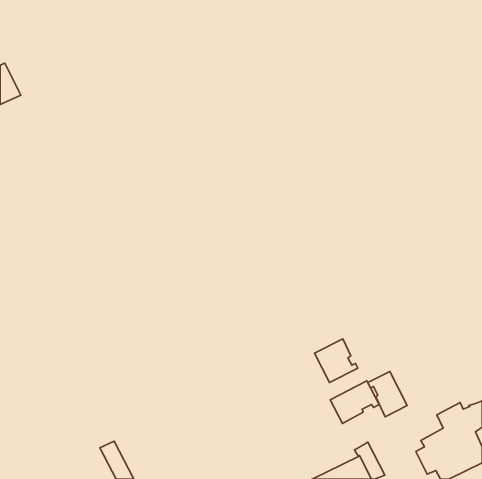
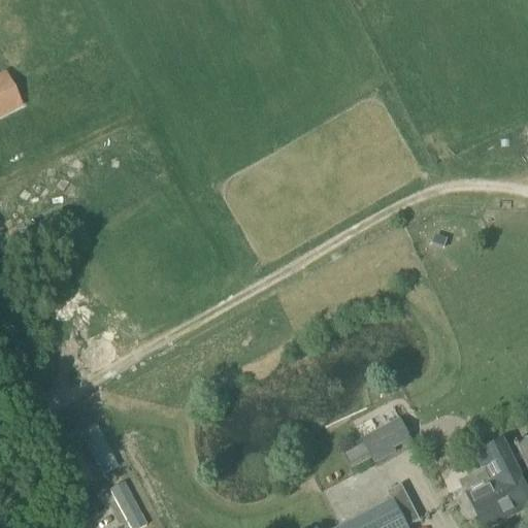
building: [315,339,358,382] -> none
building: [368,371,407,417] -> none

